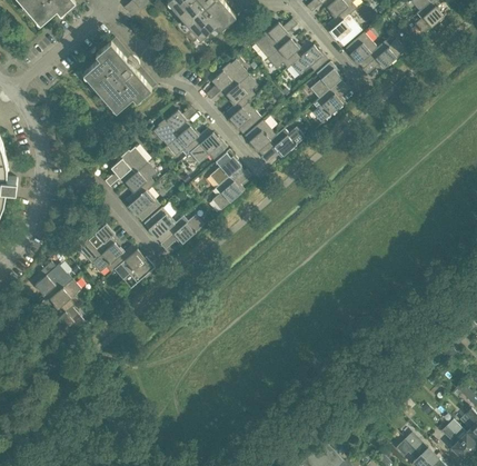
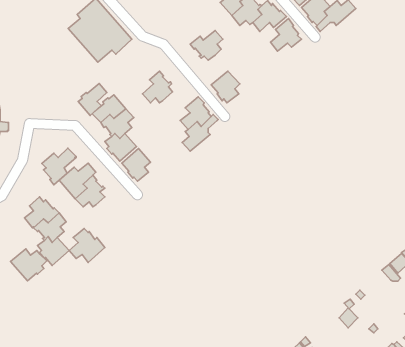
building: [211,61,248,91] -> none
building: [312,83,351,123] -> none
building: [226,103,260,135] -> none
building: [153,111,186,147] -> [78,84,107,115]
building: [260,128,305,163] -> none
building: [189,130,227,163] -> none
building: none -> [42,148,76,185]
building: [160,216,203,251] -> none
building: [115,247,155,285] -> [69,229,105,262]
building: none -> [11,249,47,281]

